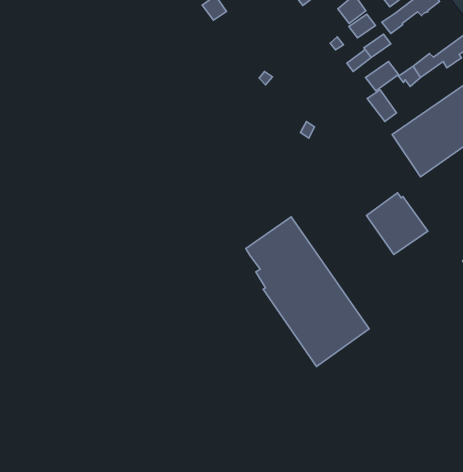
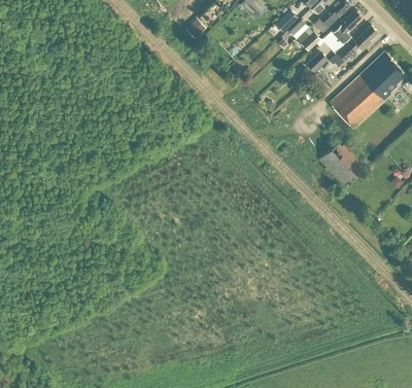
building: none -> [332,10,360,43]
building: [246,217,369,367] -> none

